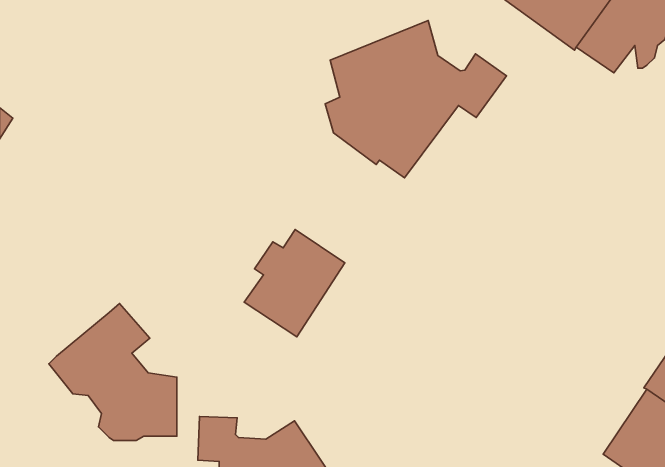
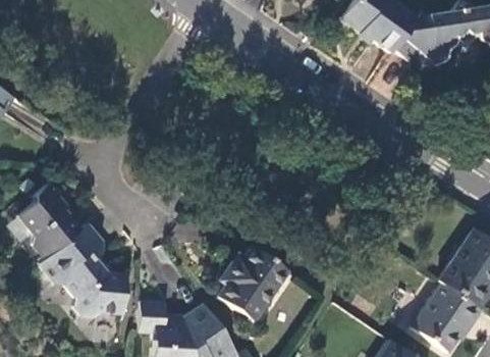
building: [325,21,506,178] -> none
building: [244,230,345,337] -> [220,247,288,319]
building: none -> [17,181,79,259]

